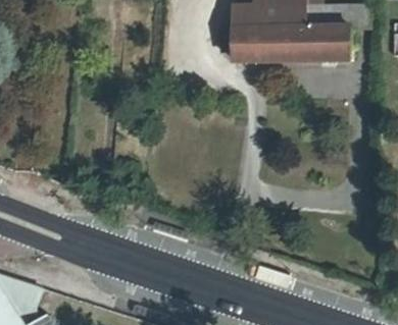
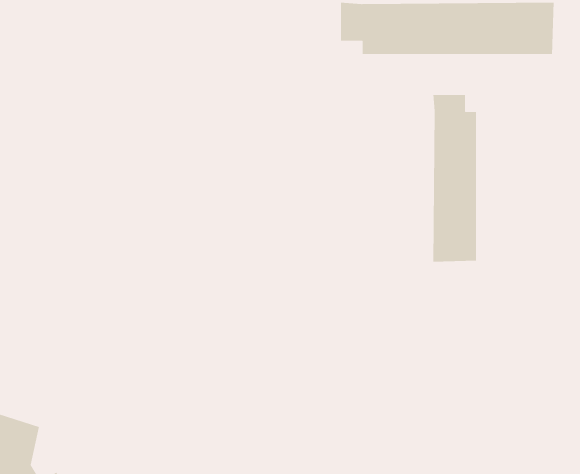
building: none -> [433,94,477,263]

